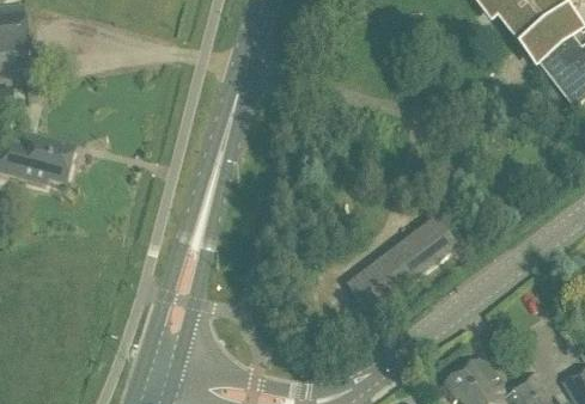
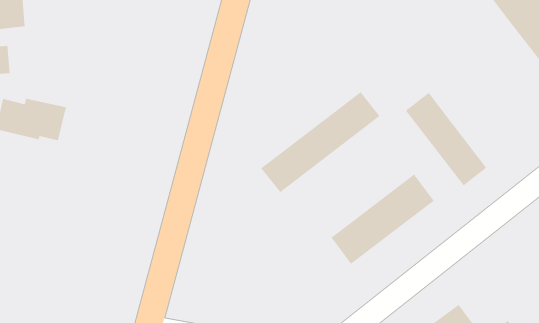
building: none -> [260,91,380,193]
building: none -> [405,92,487,187]

